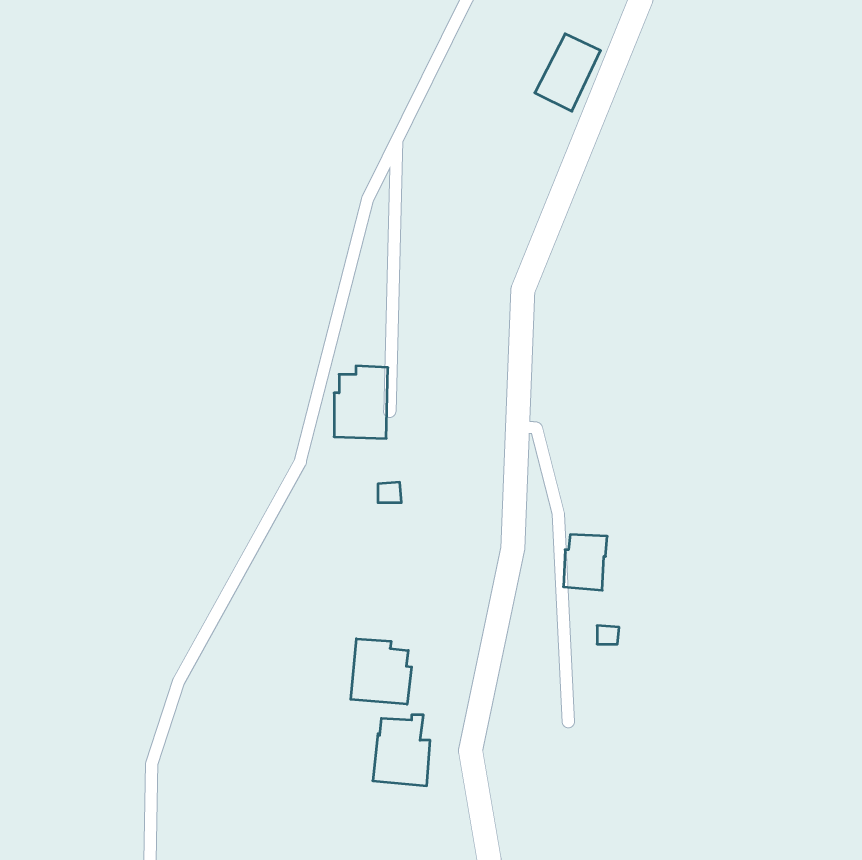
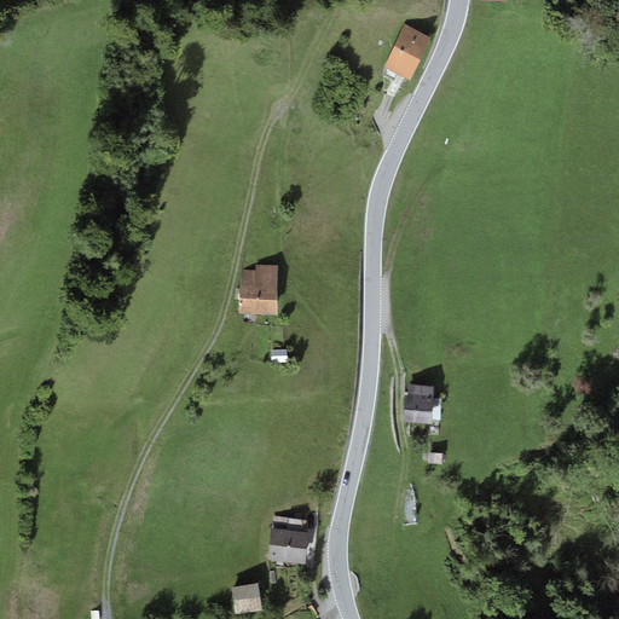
building: [351,639,412,704] -> none
building: none -> [233,584,262,612]

